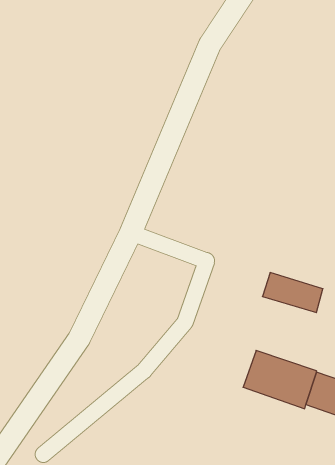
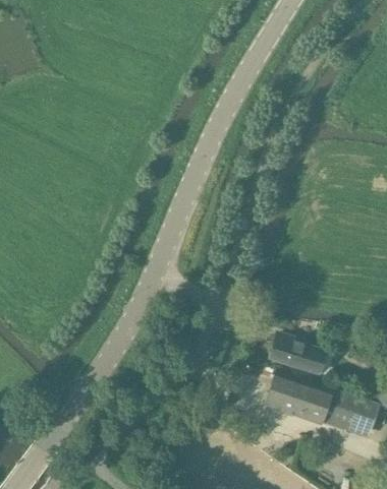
building: [262,273,323,313] -> [269,338,326,375]

